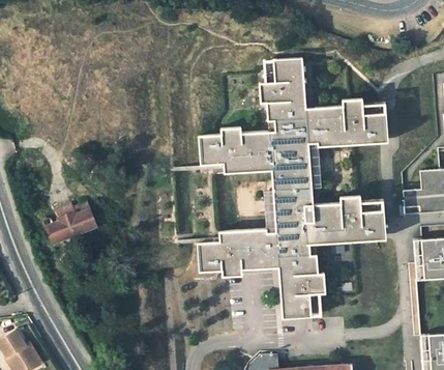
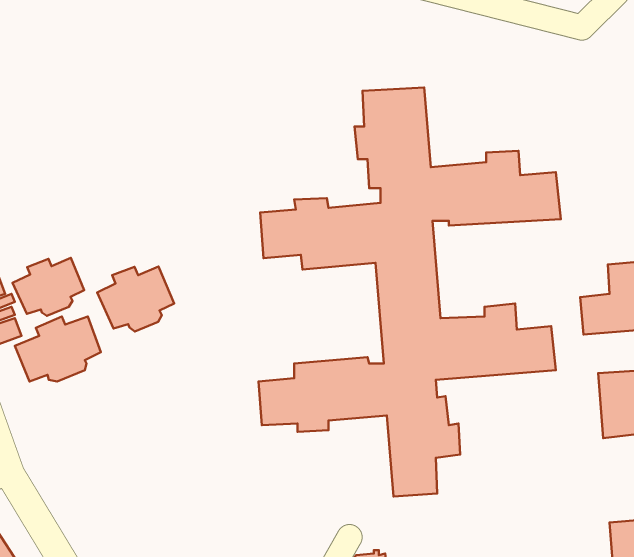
building: none -> [13,258,84,316]
building: none -> [97,266,174,332]

